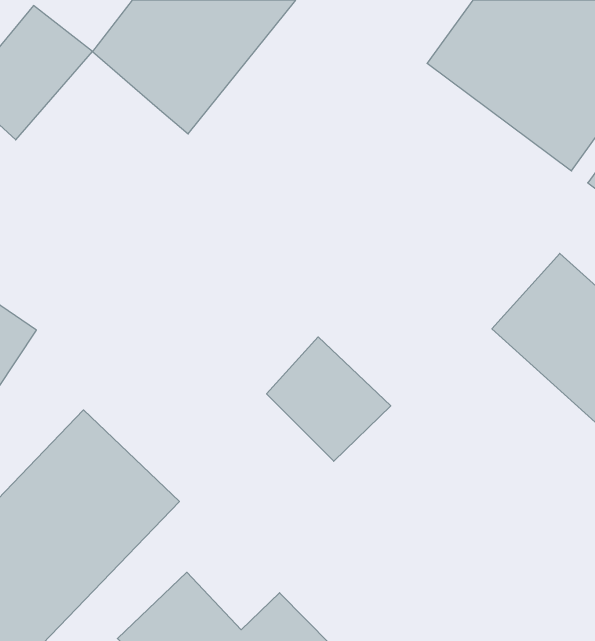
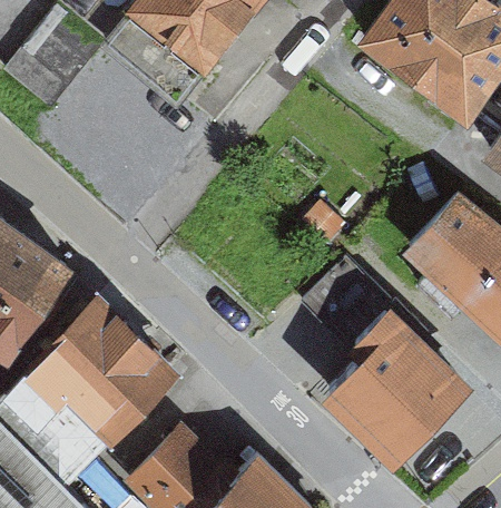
building: [267,337,391,461] -> none
building: none -> [325,309,472,468]

